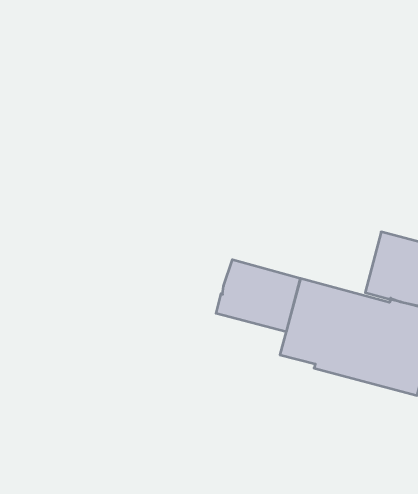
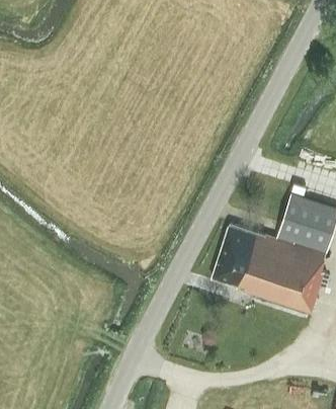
building: [216,260,300,332] -> none

